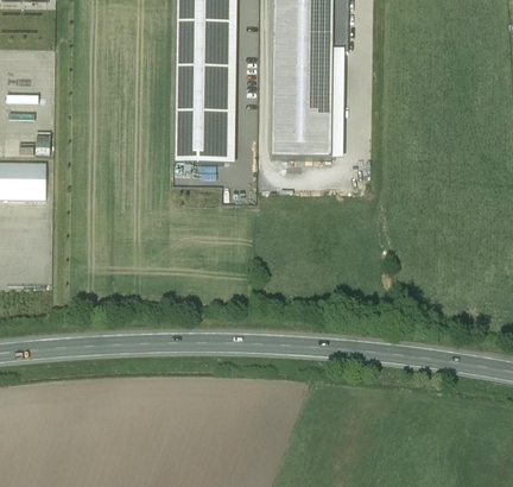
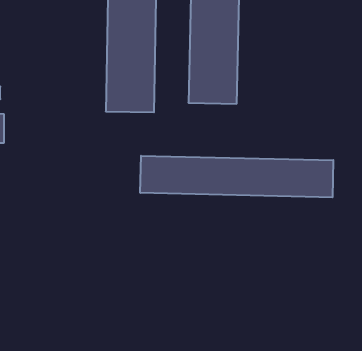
building: none -> [140,156,333,197]

